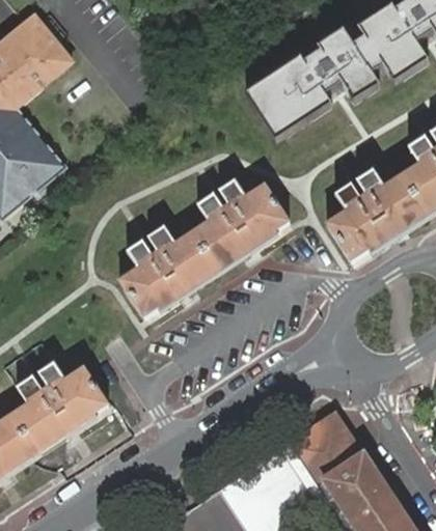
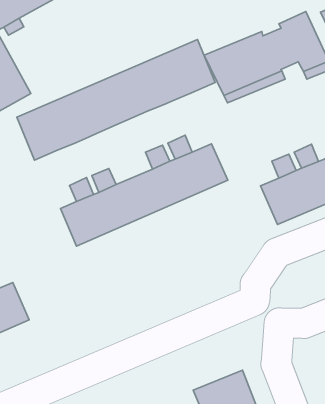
building: none -> [17,40,215,160]

